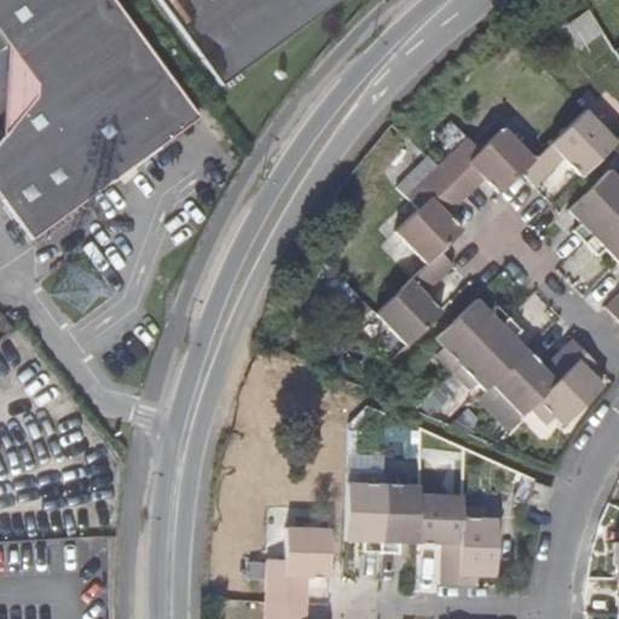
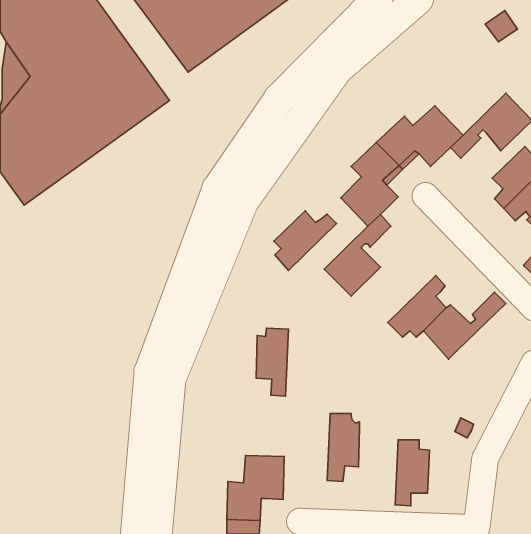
building: [435,303,508,372] -> [274,211,336,271]
building: [532,351,601,424] -> none
building: [348,476,386,555] -> [256,328,289,396]
building: [417,494,464,583] -> none

